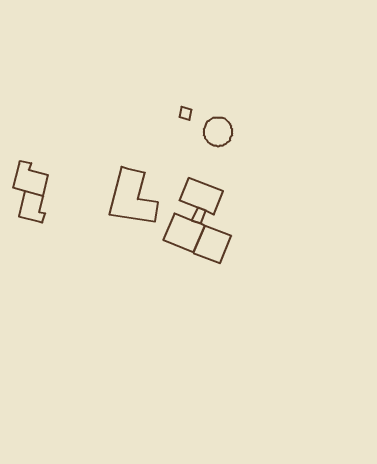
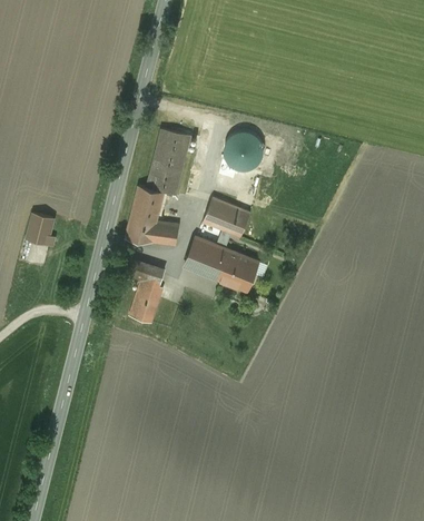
building: none -> [146,129,191,196]
building: [13,161,48,196] -> none
building: none -> [121,264,164,322]

